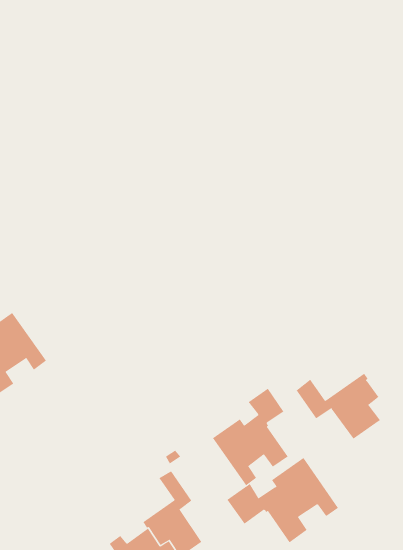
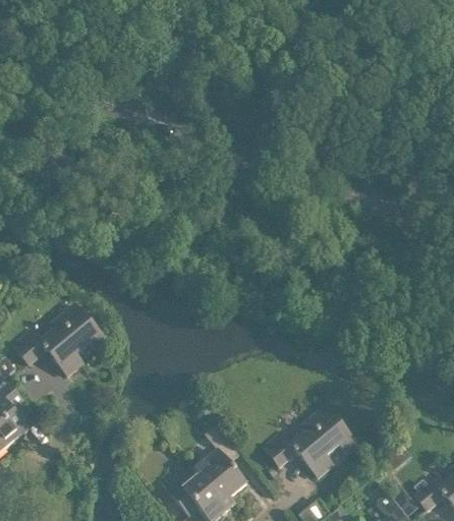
building: [296,373,381,440] -> none
building: [212,388,289,486] -> none

